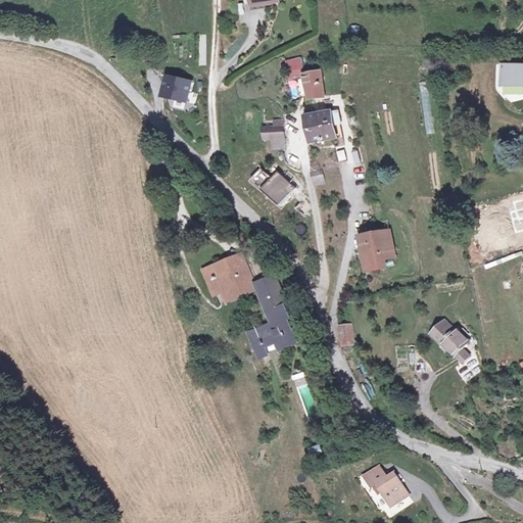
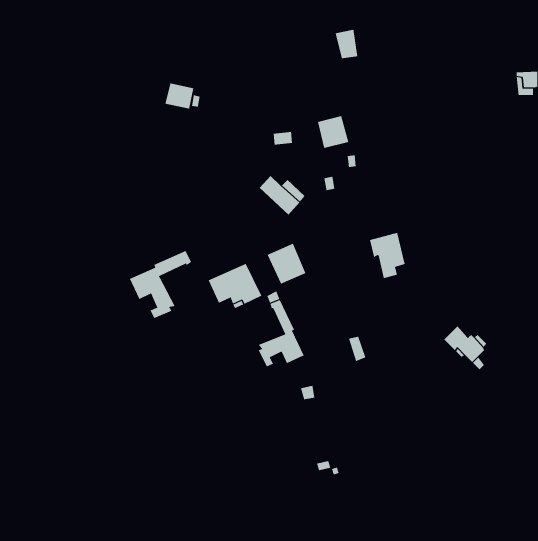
building: [300,67,323,96] -> [335,29,358,59]
building: none -> [267,243,306,285]
building: none -> [129,250,192,319]
building: [370,469,413,508] -> none

